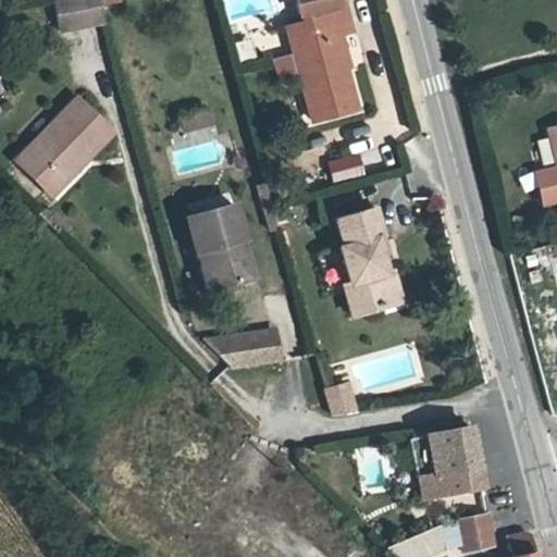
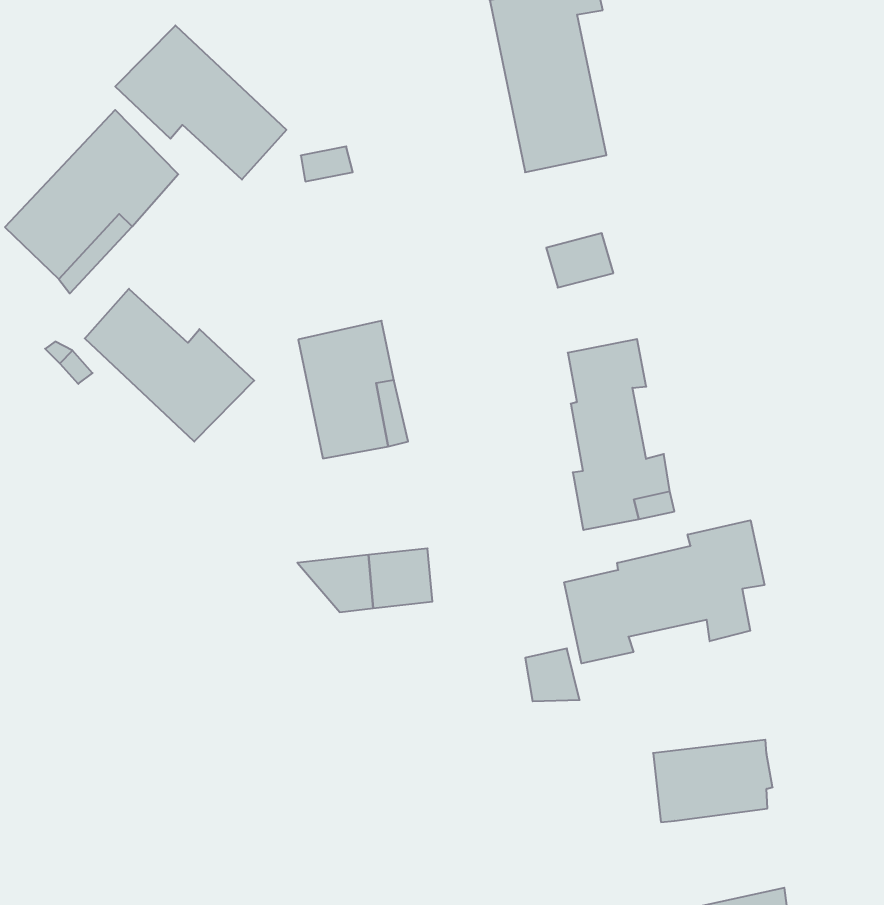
building: none -> [115,25,286,180]
building: none -> [85,289,254,442]
building: none -> [564,520,764,663]
building: [414,465,473,498] -> none

